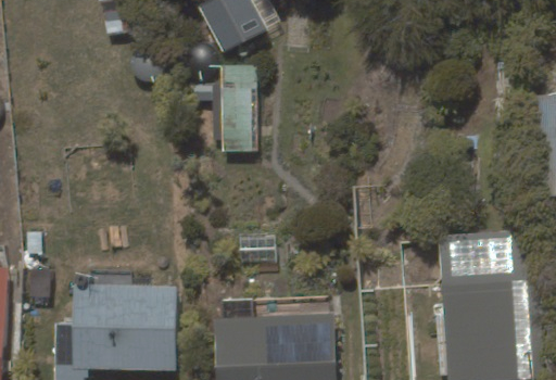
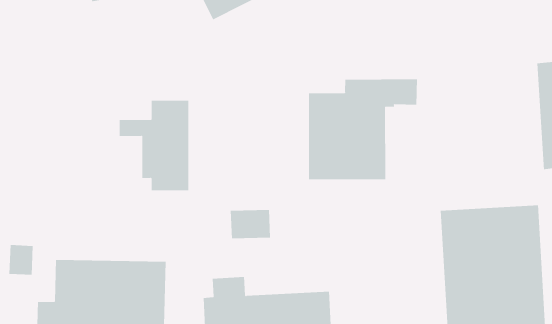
building: [190,65,257,152] -> [119,100,189,191]
building: none -> [308,79,418,180]

